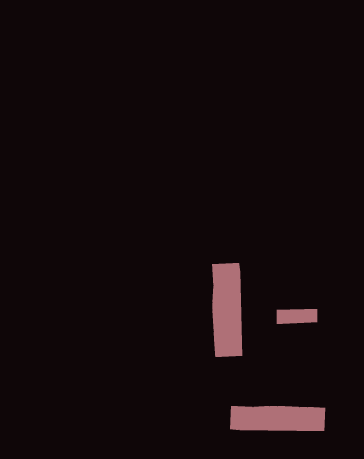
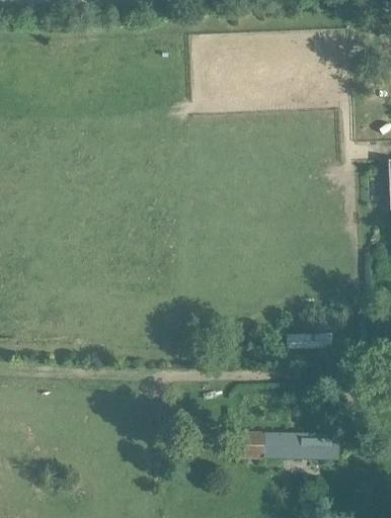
building: [212,262,243,358] -> none

